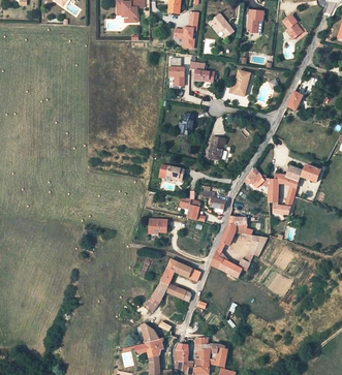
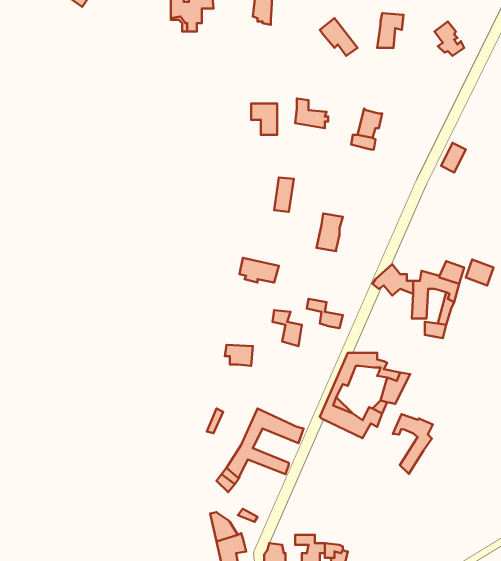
building: [174,12,198,49] -> none
building: none -> [393,414,433,474]

